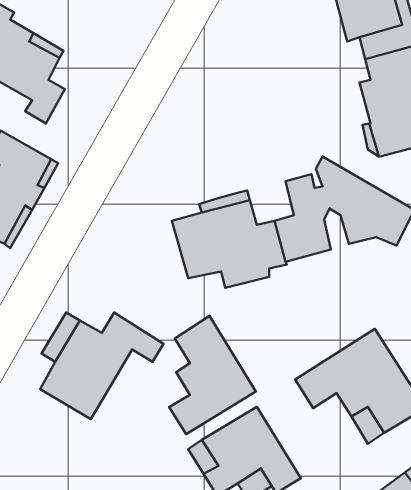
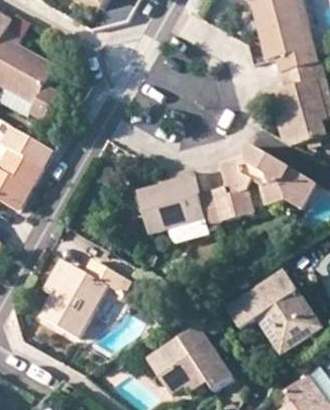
building: [169,316,256,434] -> none

